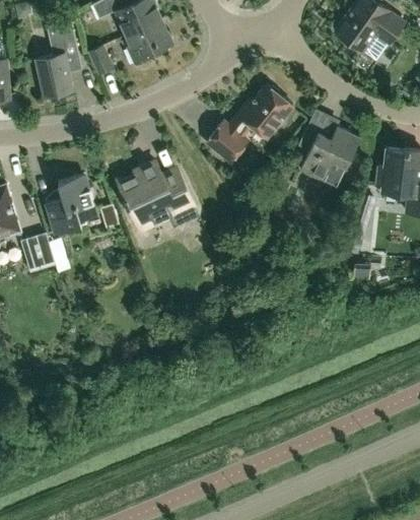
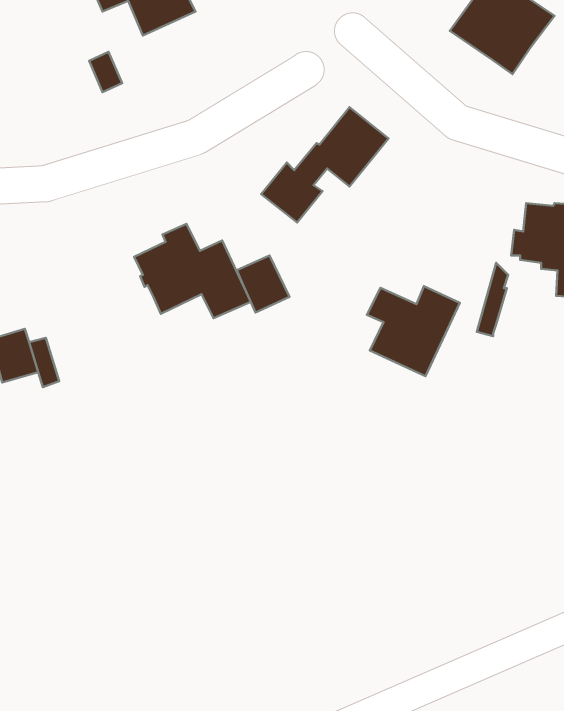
building: [126,18,172,64] -> none
building: [36,20,78,96] -> none
building: [297,126,360,187] -> [367,286,460,376]
building: [45,174,97,234] -> none
building: none -> [237,255,289,313]

